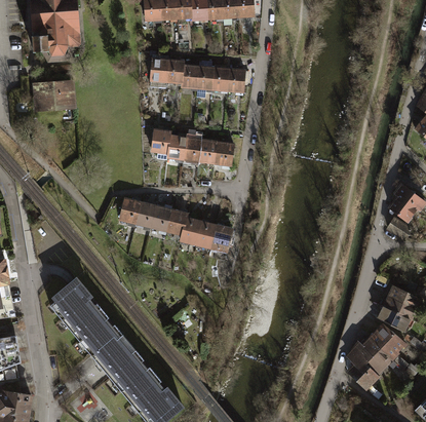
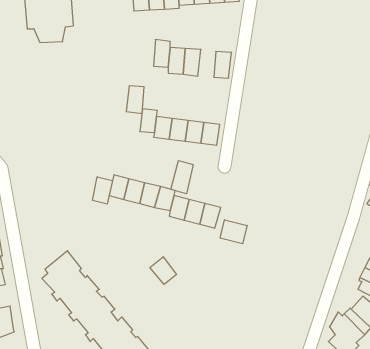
building: [149,55,167,84] -> [126,86,144,113]
building: [211,67,230,95] -> none
building: [36,82,73,106] -> none
building: none -> [171,161,193,194]
building: none -> [93,177,113,204]
building: none -> [220,220,247,244]
building: none -> [150,257,176,284]

